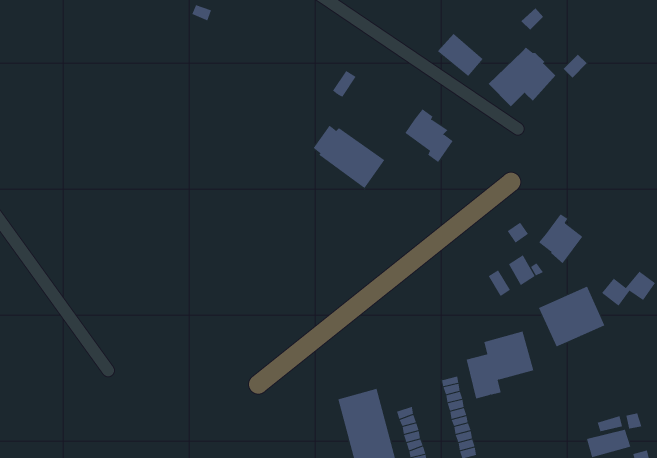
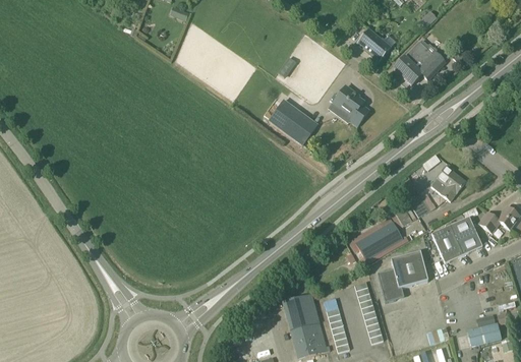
building: none -> [354,219,402,259]

